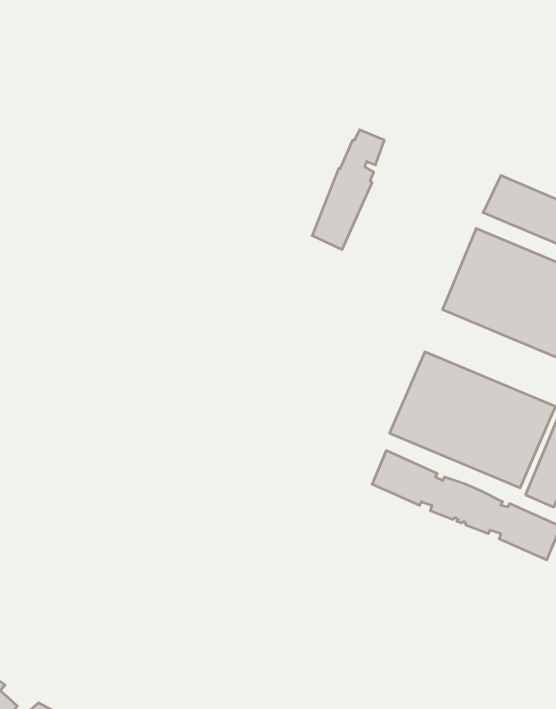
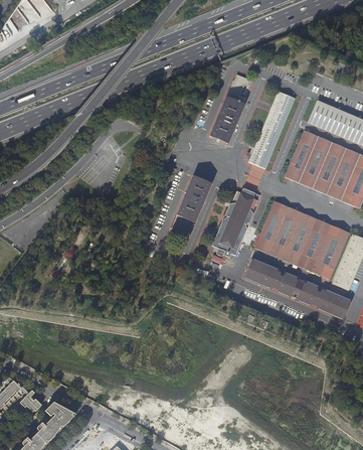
building: none -> [246,93,296,169]
building: none -> [170,175,210,235]
building: none -> [210,187,256,260]

